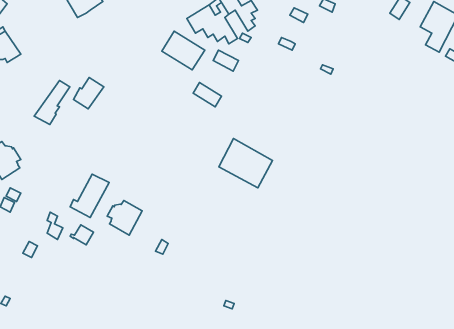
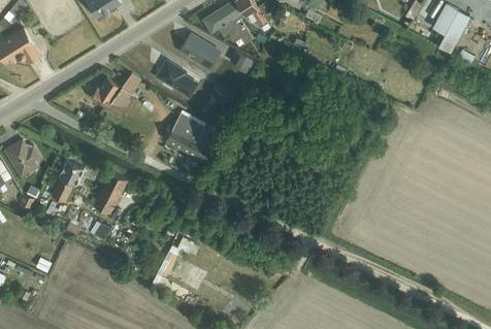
building: none -> [156,62,199,98]
building: [34,80,70,125] -> [106,73,141,117]
building: [219,138,272,188] -> [166,112,219,161]
building: none -> [51,160,83,202]
building: [107,201,142,235] -> none

